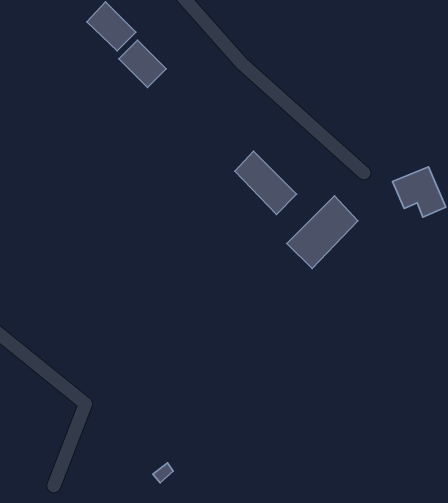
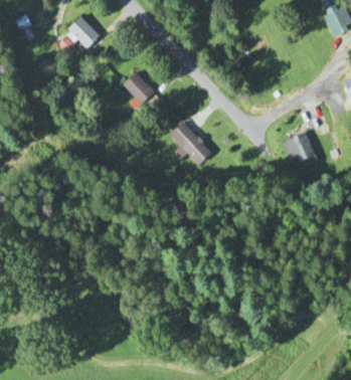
building: [119,40,166,88] -> [123,71,156,105]
building: [287,196,358,268] -> none

